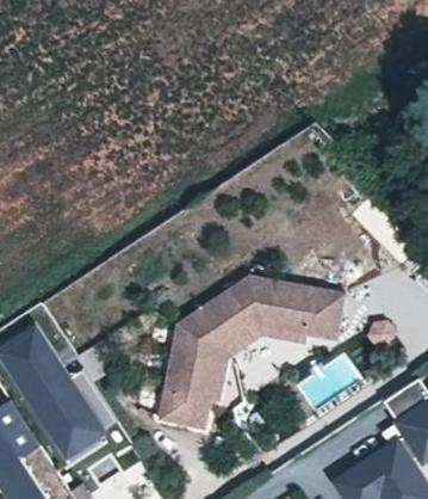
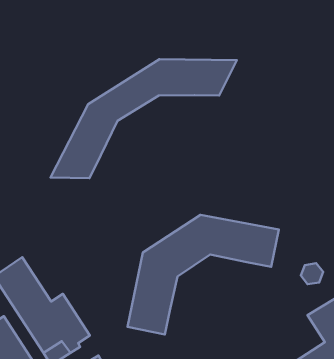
building: none -> [51,59,237,178]
building: [215,324,310,395] -> none

